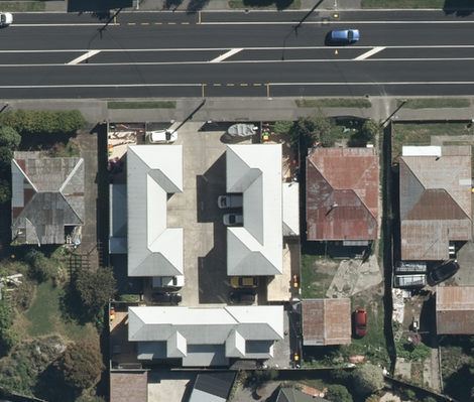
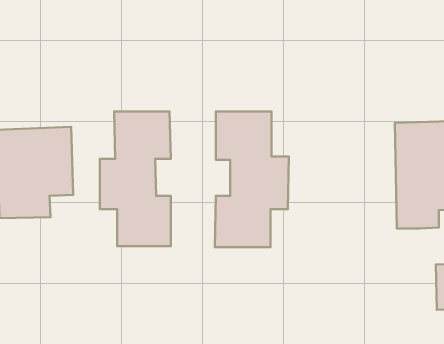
building: [308,147,376,241] -> none
building: [299,300,349,346] -> none
building: [127,304,280,359] -> none

